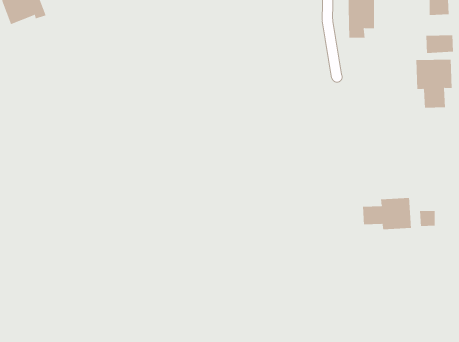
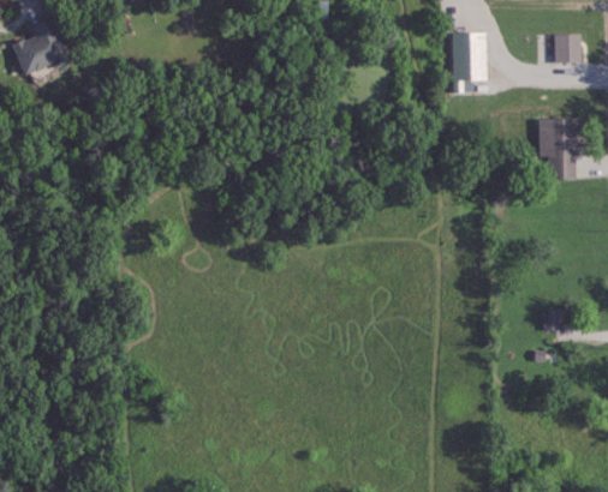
building: [426,34,453,54] -> none
building: [363,197,412,230] -> none

